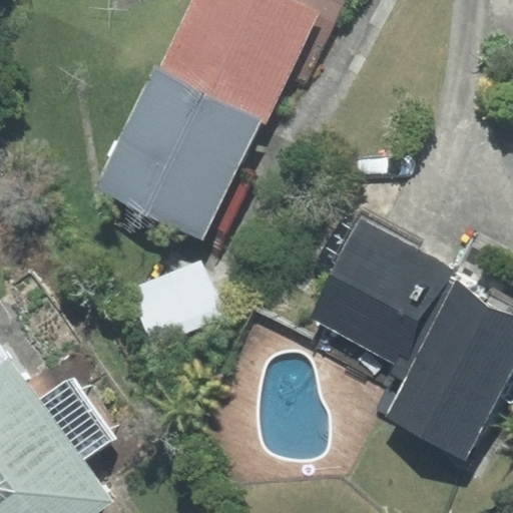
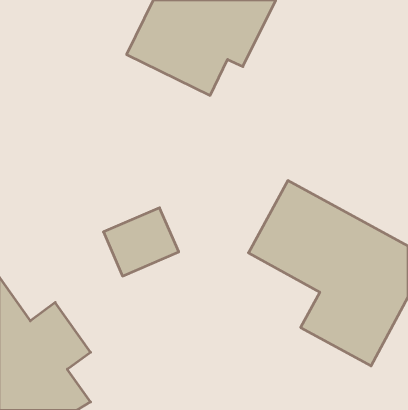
building: [98,68,263,238] -> none

